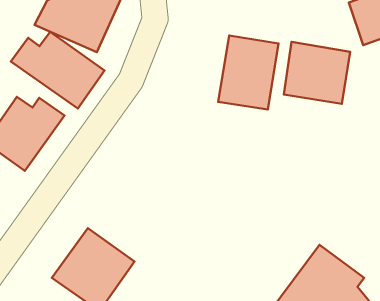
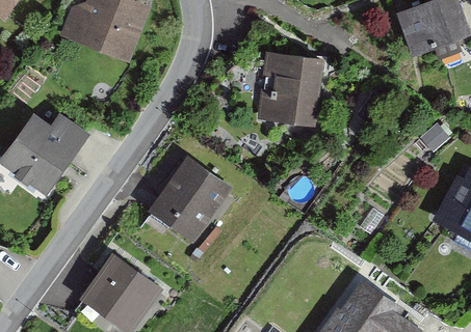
building: [11,32,105,108] -> none
building: [284,42,350,104] -> none
building: none -> [141,154,233,247]

